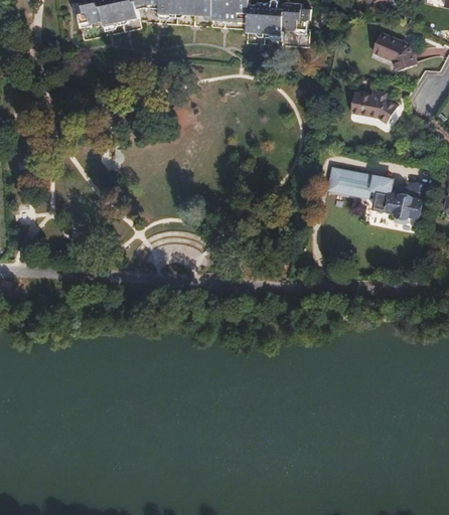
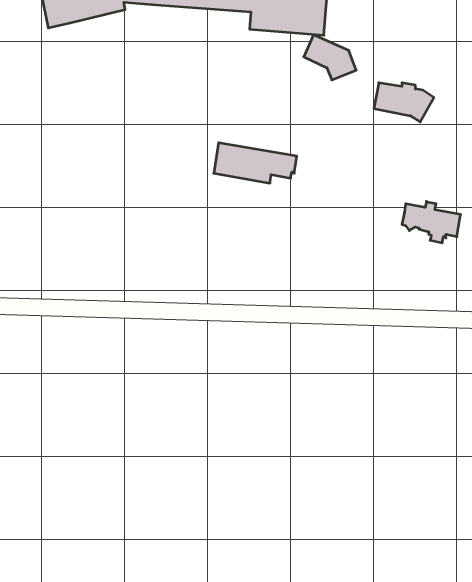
building: [371,28,415,65] -> [304,35,356,80]
building: [327,160,396,193] -> [214,143,297,183]

